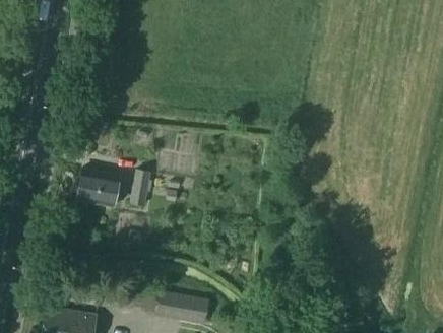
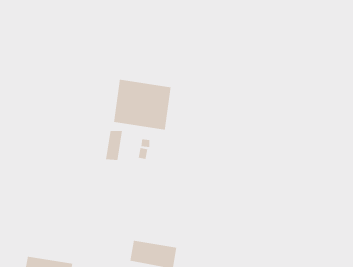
building: none -> [114,79,171,130]
building: [77,169,120,208] -> none

